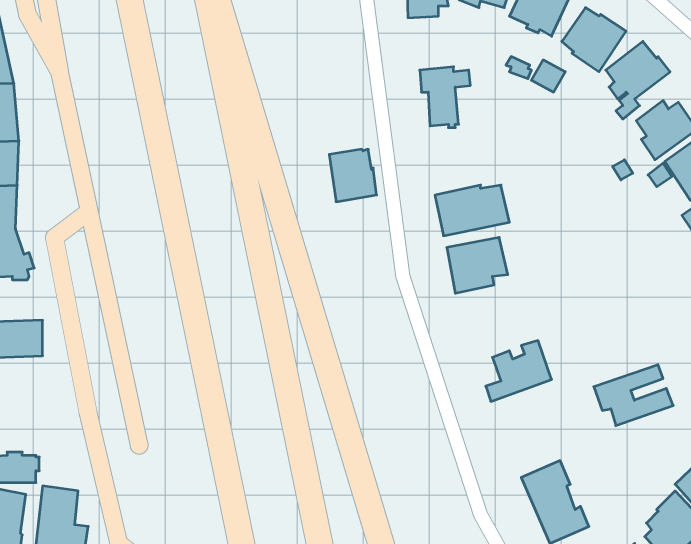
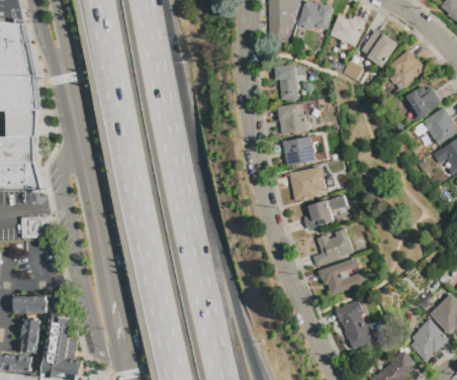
building: [329,149,377,202] -> [279,103,307,134]
building: none -> [305,195,347,228]
building: [594,365,673,426] -> [319,258,367,294]

